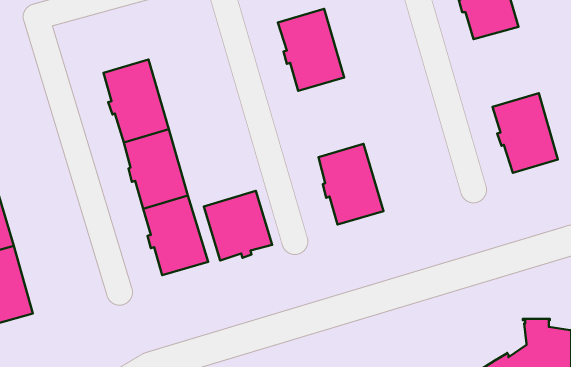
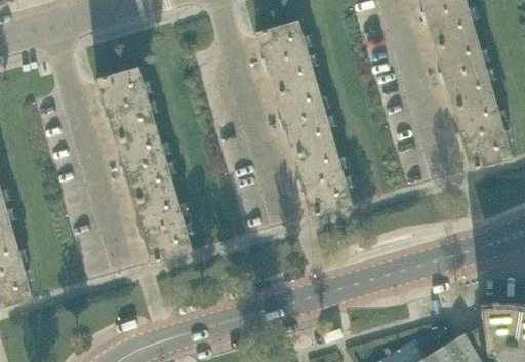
building: none -> [435,36,494,109]
building: none -> [275,82,334,155]
building: [204,191,272,260] -> none

